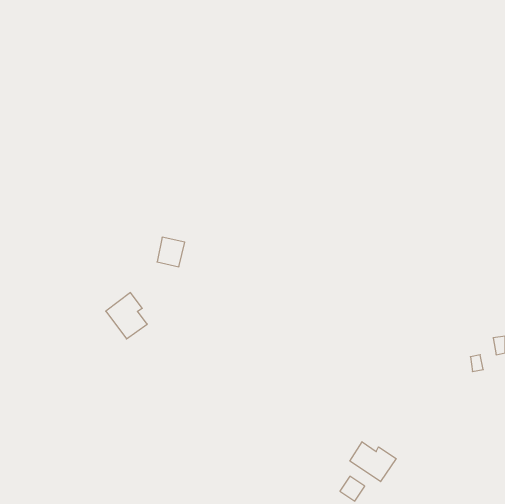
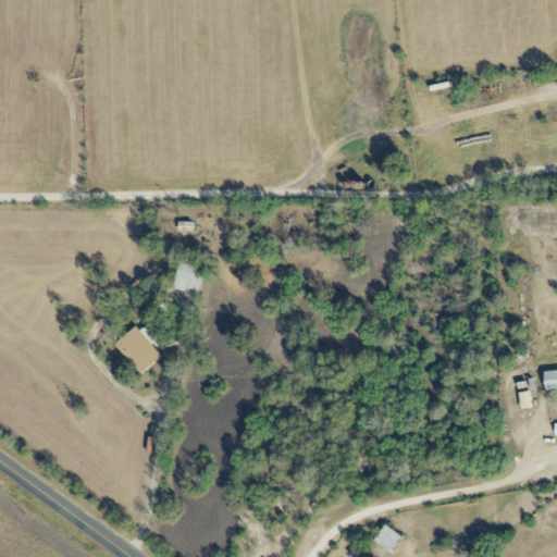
building: [350,442,396,482] -> none

